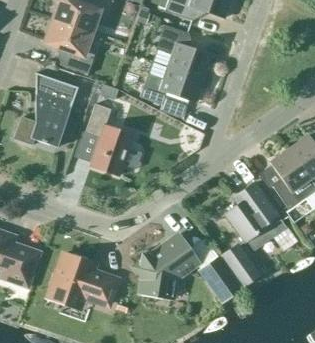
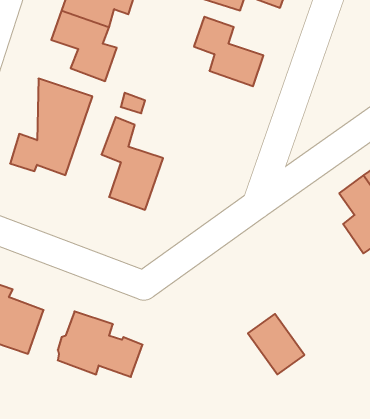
building: [139,67,202,105] -> none
building: [215,182,286,251] -> none
building: [134,235,197,296] -> none
building: [219,243,260,288] -> none

